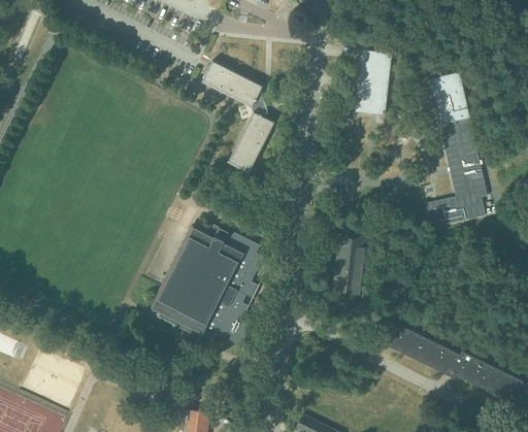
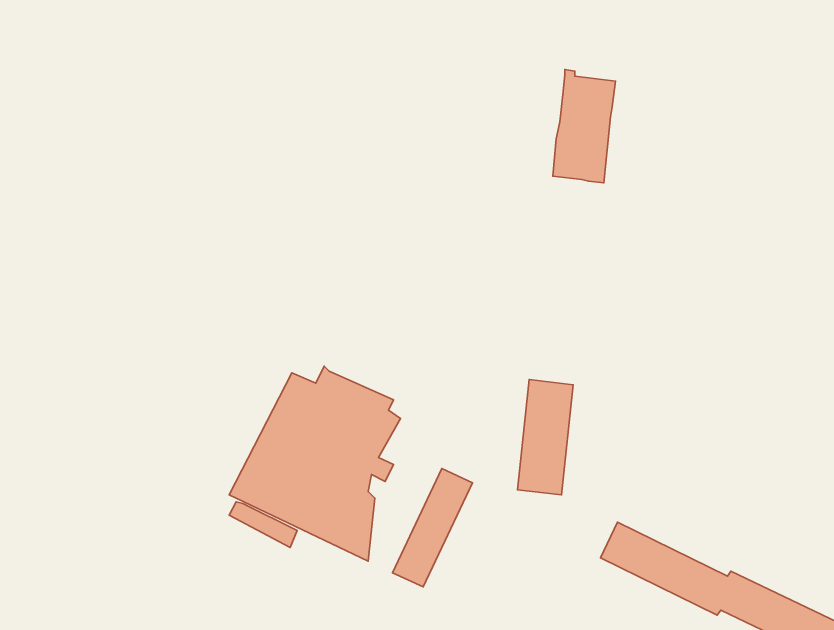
building: [200,60,273,172] -> none
building: [424,74,487,227] -> none
building: none -> [392,469,473,587]

